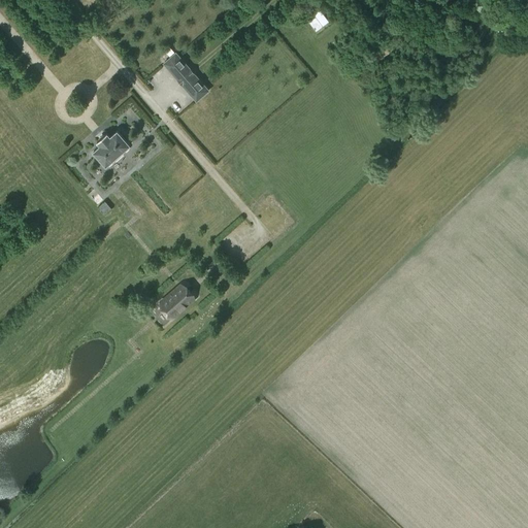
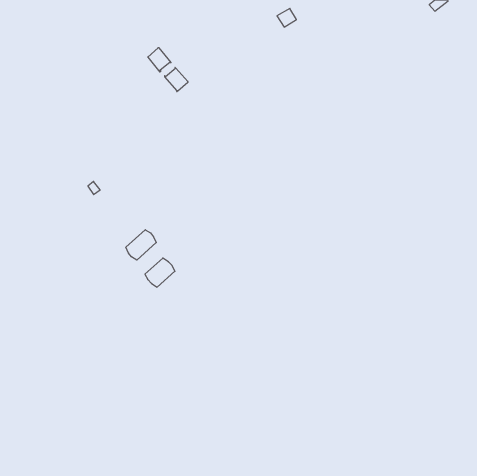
building: [92,133,128,167] -> none
building: none -> [126,230,156,260]

